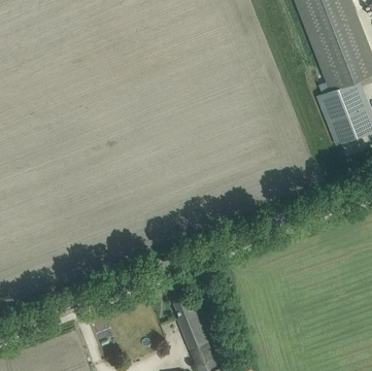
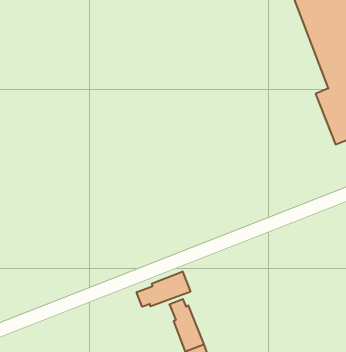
building: none -> [137,271,190,307]

